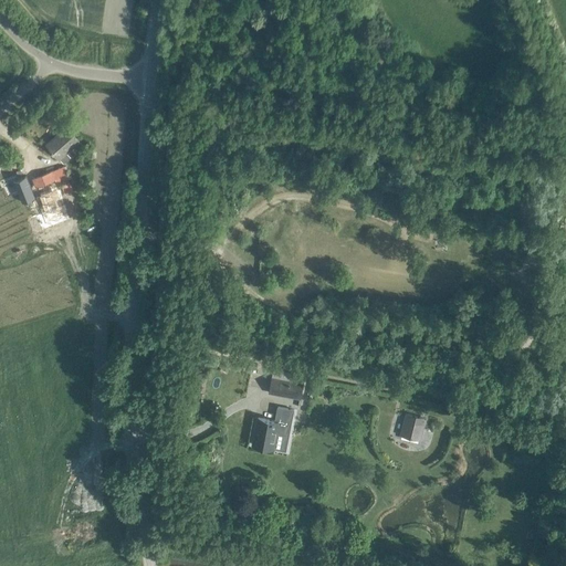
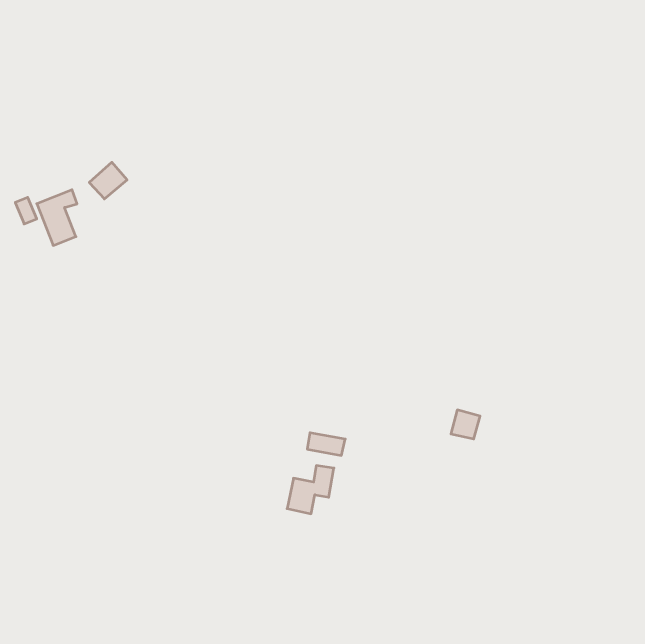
building: [45,127,78,159] -> [89,162,127,199]
building: [399,416,424,441] -> [451,410,480,439]

